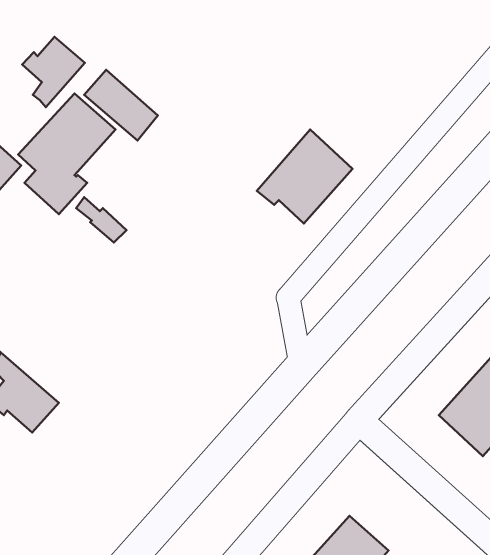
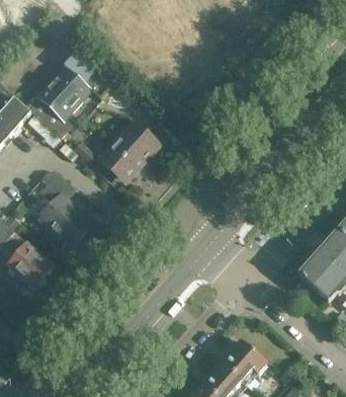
building: [22,37,85,107] -> none
building: [257,129,353,224] -> [97,118,159,179]
building: none -> [37,170,91,246]

